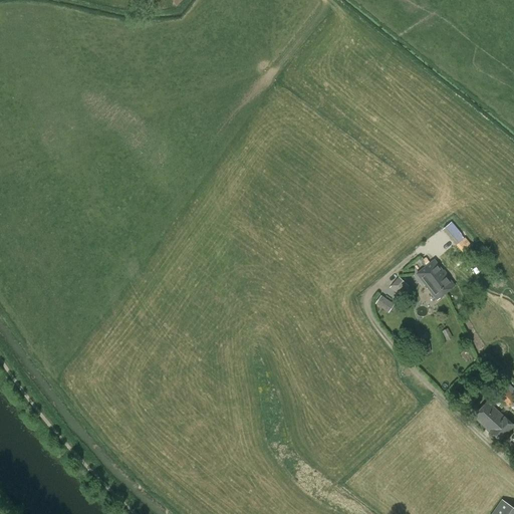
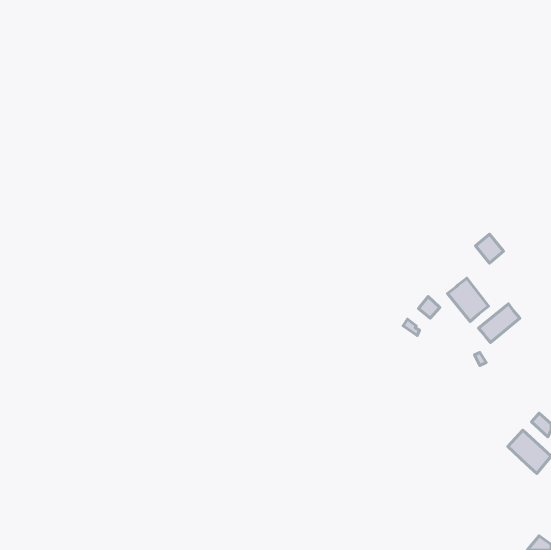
building: none -> [478,304,520,342]

